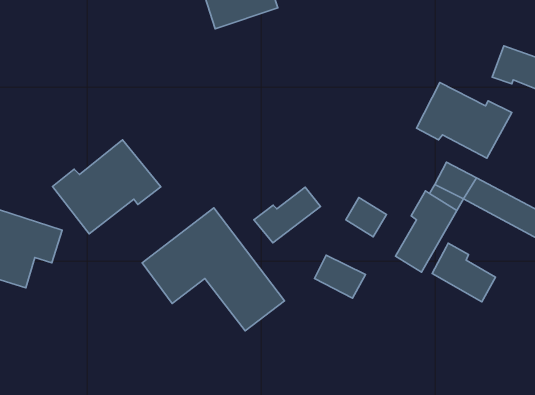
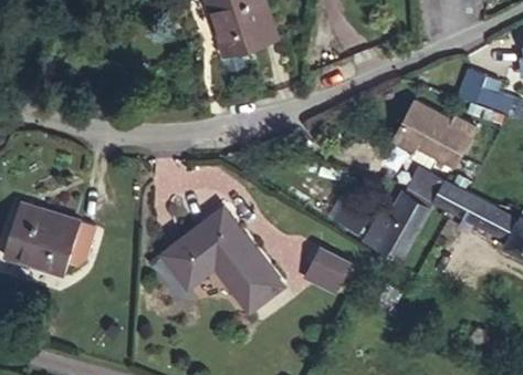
building: [53,140,161,234] -> none
building: [254,187,320,243] -> none
building: [432,243,496,302] -> none

